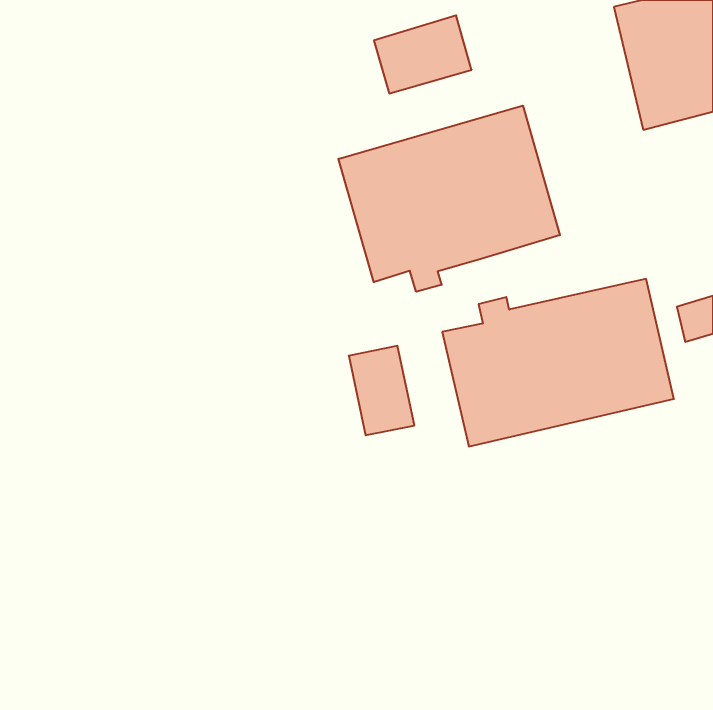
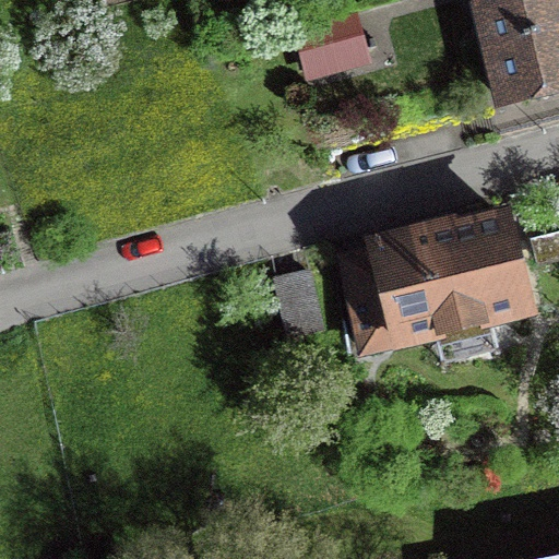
building: [338,106,560,292] -> none

